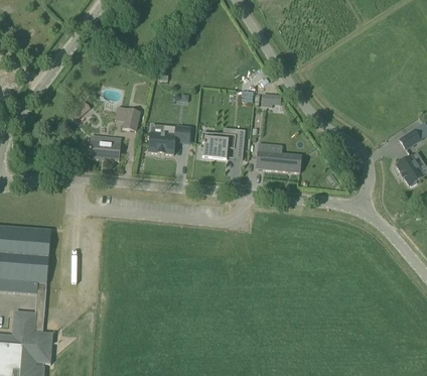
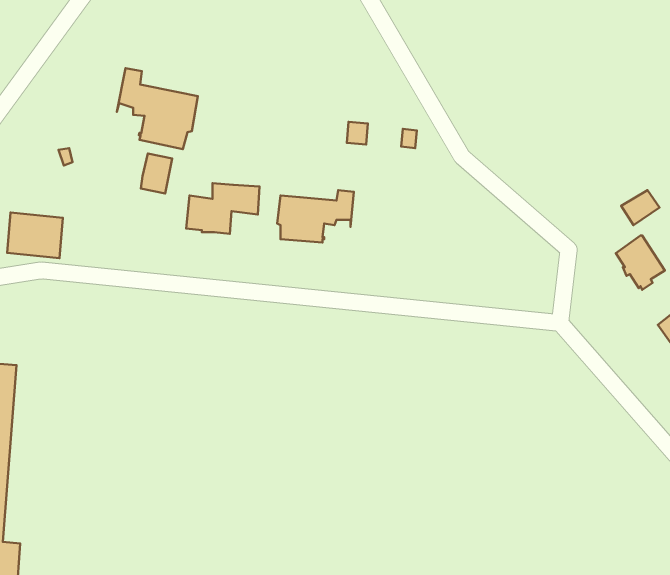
building: none -> [117,68,198,149]
building: [88,133,120,159] -> [7,213,63,258]
building: [255,142,300,171] -> none

